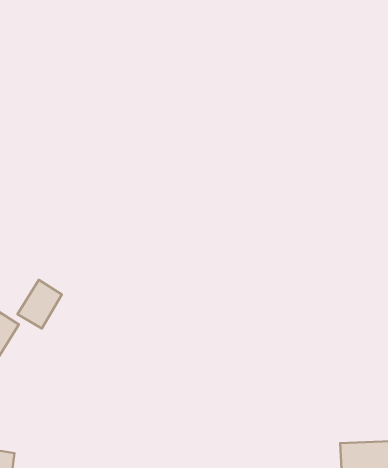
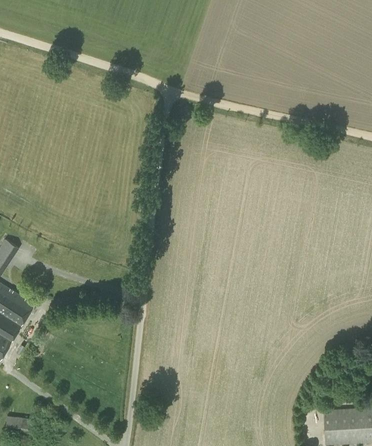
building: [18,280,62,329] -> none

